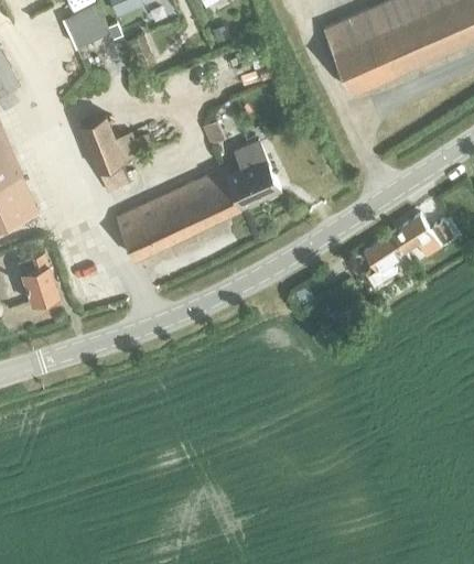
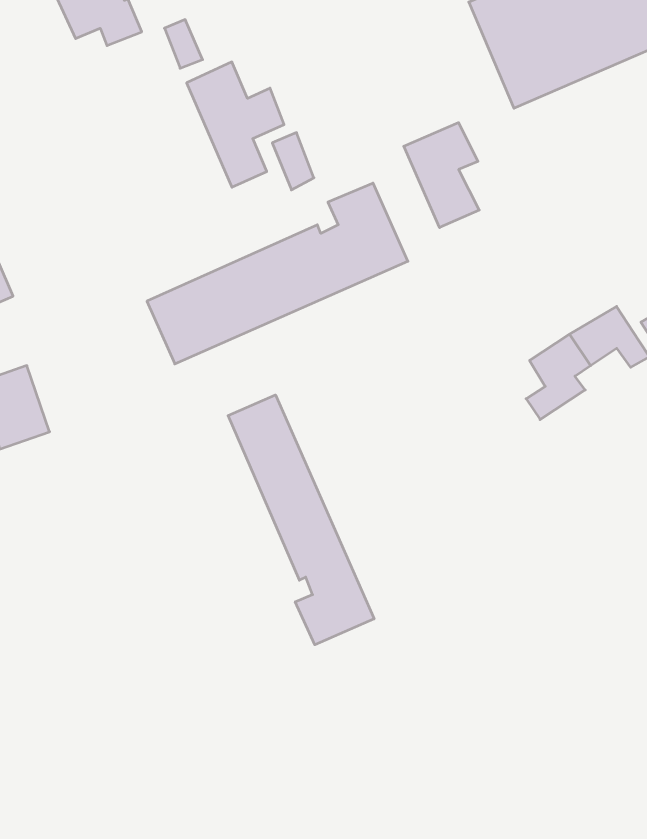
building: none -> [404,123,479,228]
building: [80,113,142,193] -> [187,62,284,187]
building: none -> [228,395,374,645]

